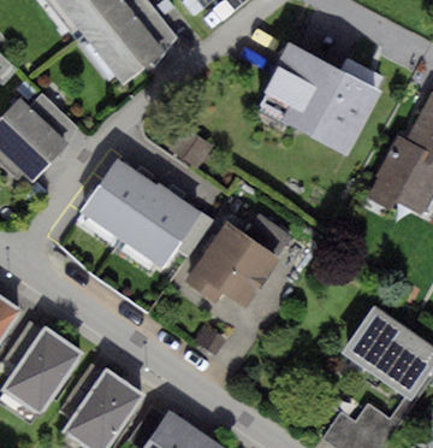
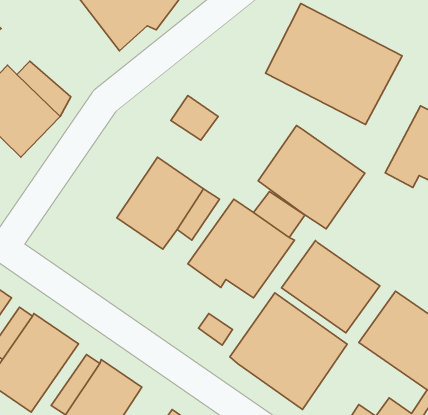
building: none -> [258,125,365,229]
building: [83,161,154,238] -> none
building: none -> [282,241,380,333]
building: none -> [230,293,347,409]

